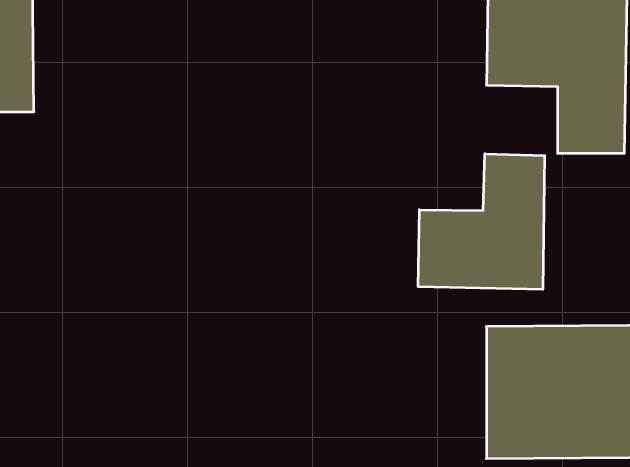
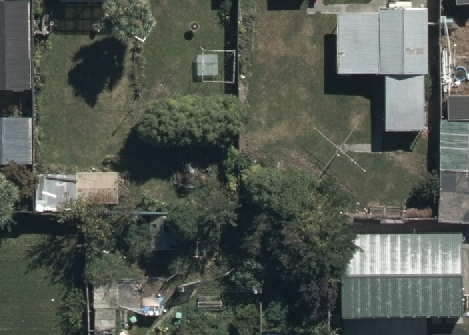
building: [418,154,545,289] -> none

